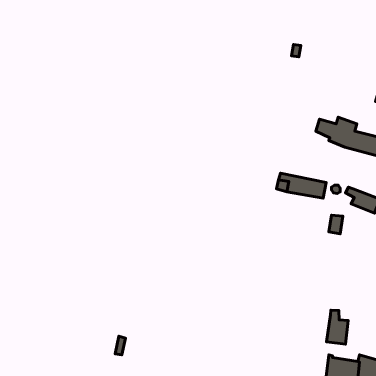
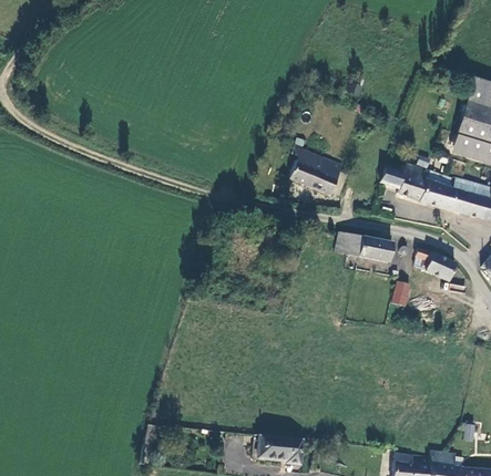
building: none -> [287,139,342,193]
building: [327,310,348,344] -> none
building: none -> [257,435,304,464]

